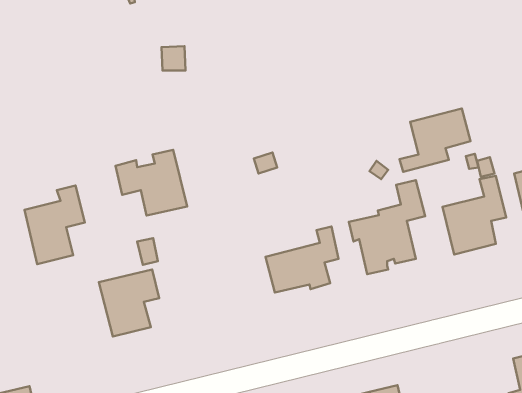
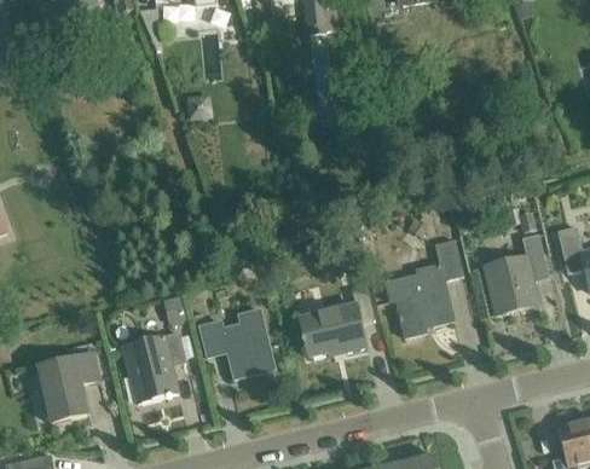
building: [399,108,470,172] -> none
building: [115,150,187,216] -> [199,309,274,378]
building: [25,186,85,264] -> [37,341,100,423]

